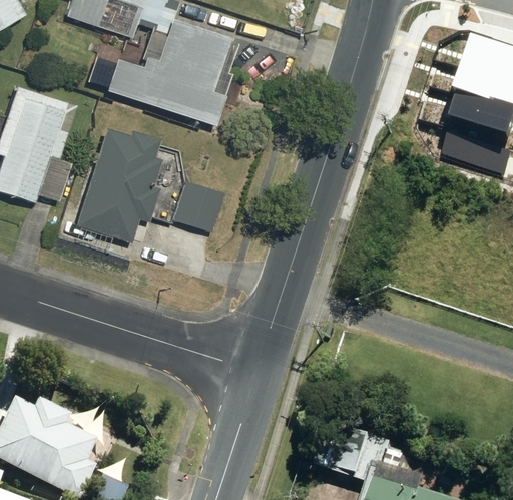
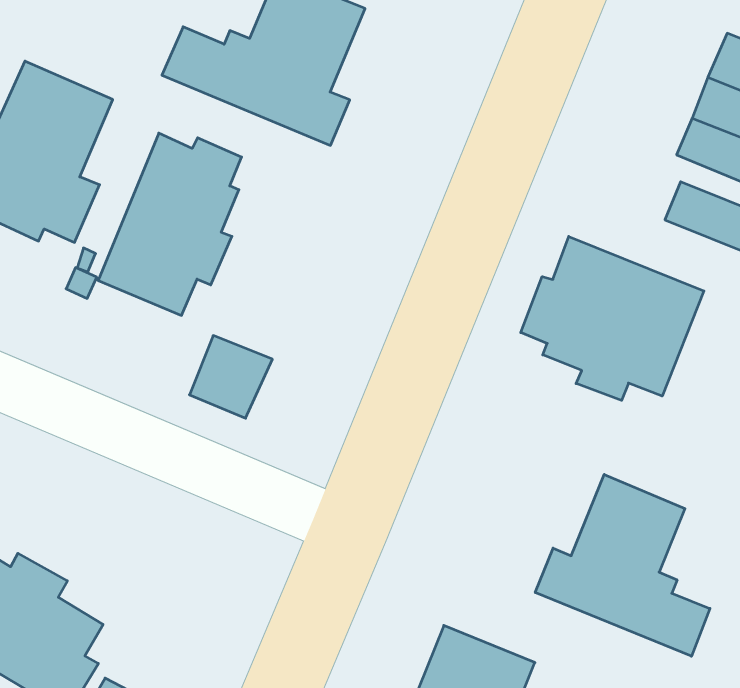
building: none -> [521,236,704,400]
building: [174,180,225,231] -> [189,336,272,418]
building: none -> [535,474,710,656]

